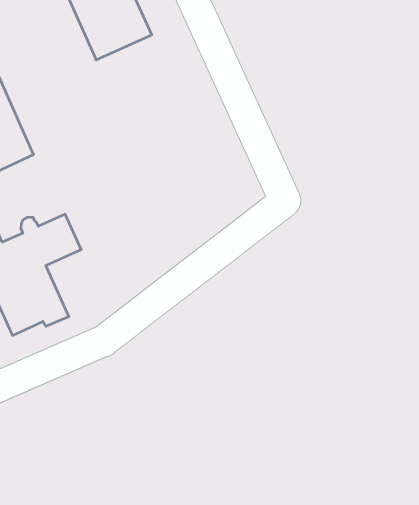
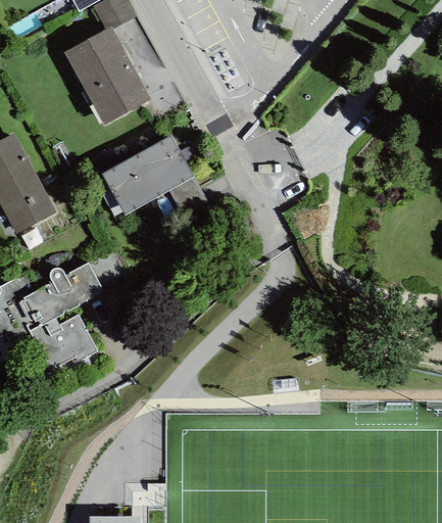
building: none -> [102,135,194,215]

